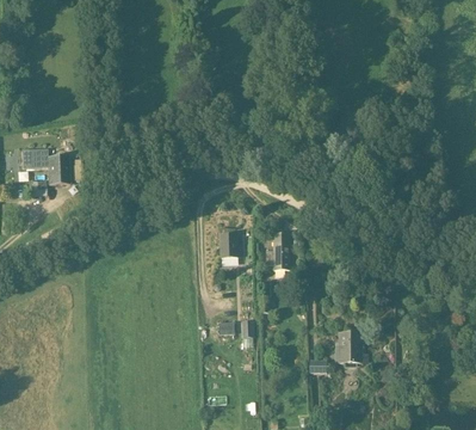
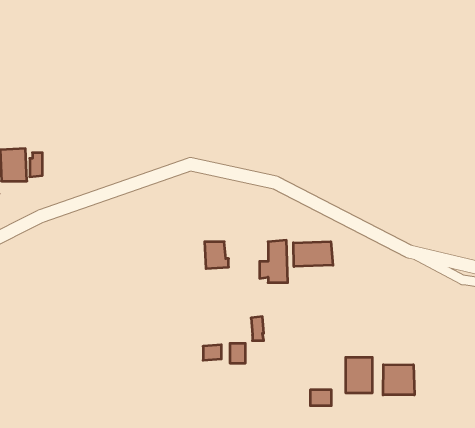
building: none -> [293,242,333,267]
building: none -> [383,365,414,395]

